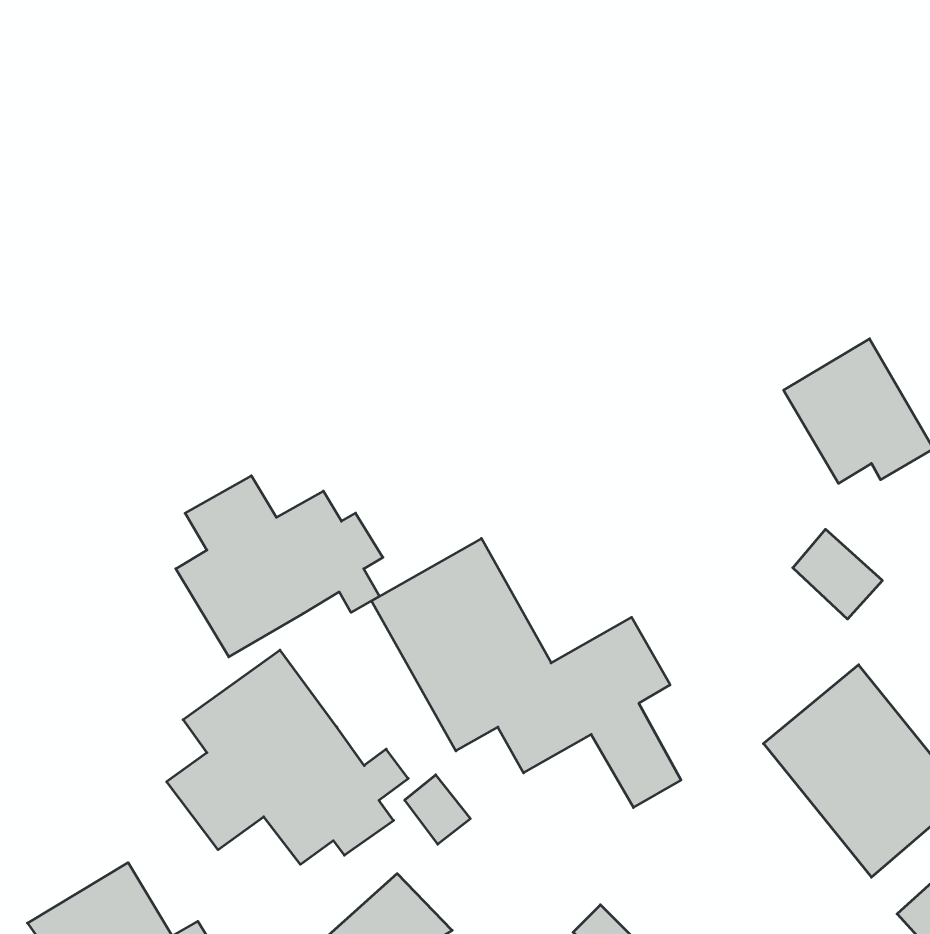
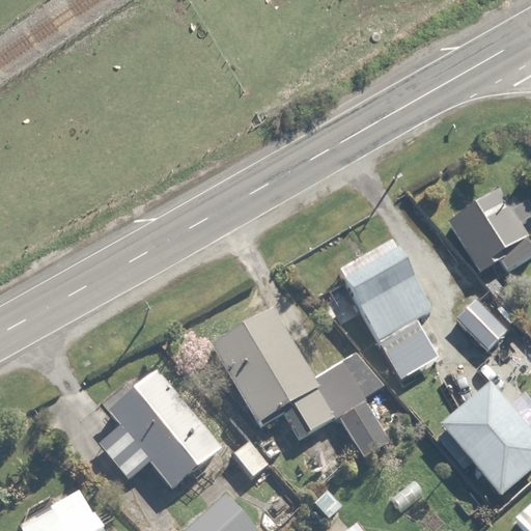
building: none -> [337,240,453,381]
building: [176,476,383,657] -> none

